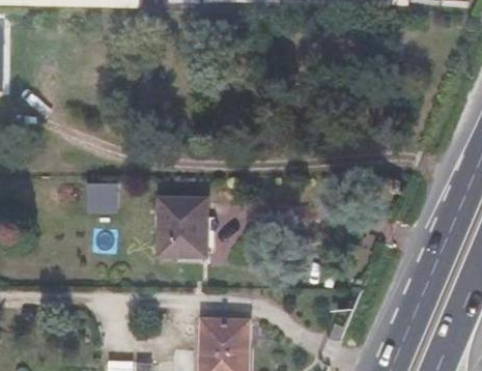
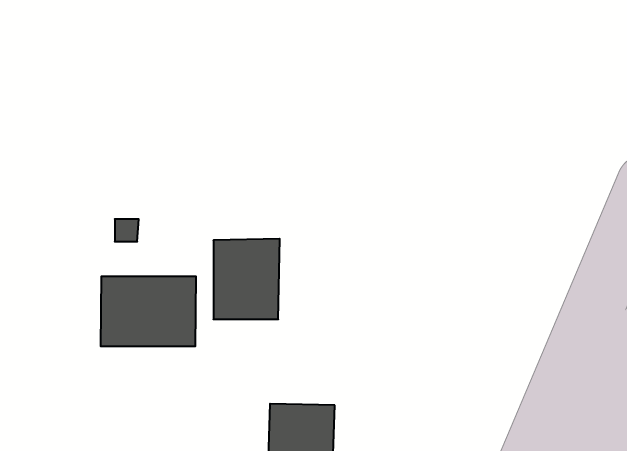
building: none -> [101,276,196,346]

